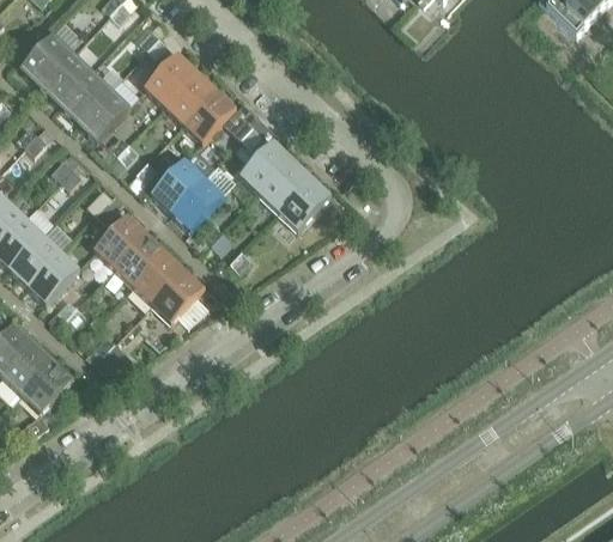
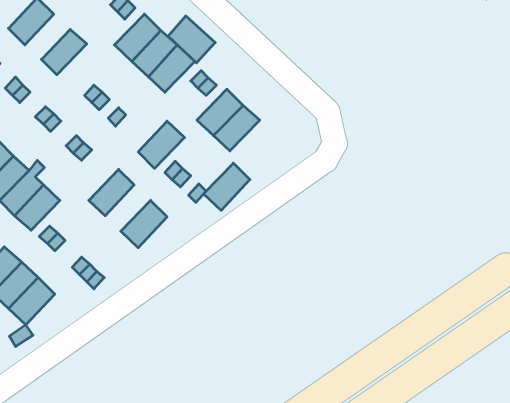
building: [38,51,91,104] -> none
building: none -> [168,16,215,63]
building: [75,86,129,141] -> none
building: [150,157,204,212] -> none
building: [277,175,330,230] -> [204,163,250,210]
building: [92,213,147,268] -> none
building: [132,250,184,304] -> none

